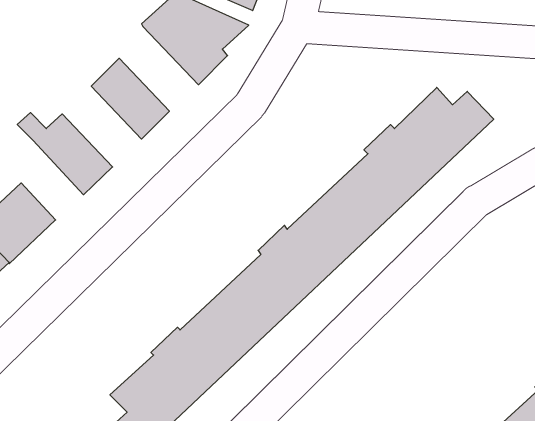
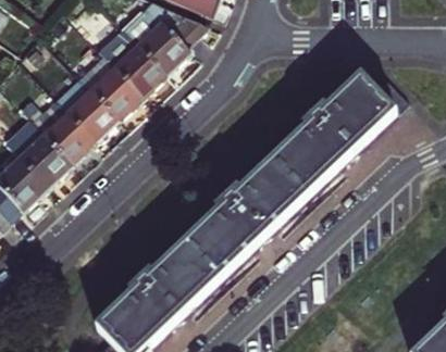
building: none -> [99,27,168,97]
building: none -> [55,76,121,142]
building: none -> [9,121,73,186]

